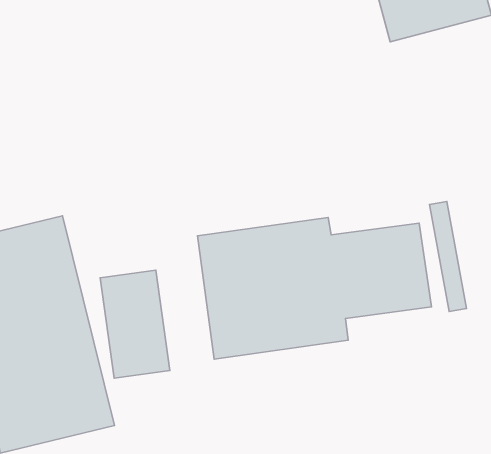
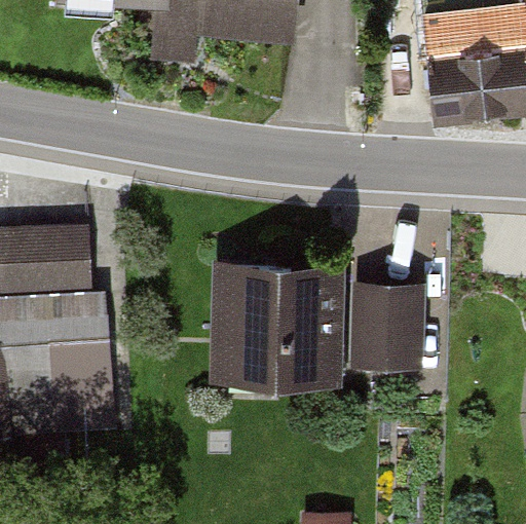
building: [100,270,170,378] -> none

